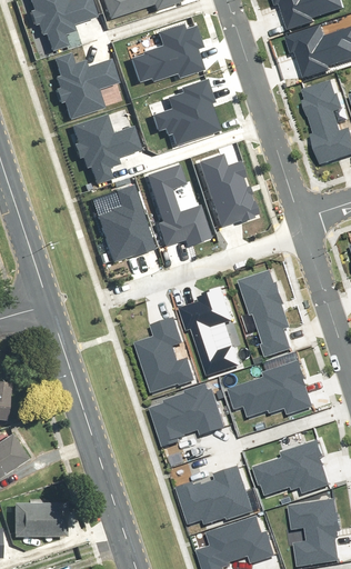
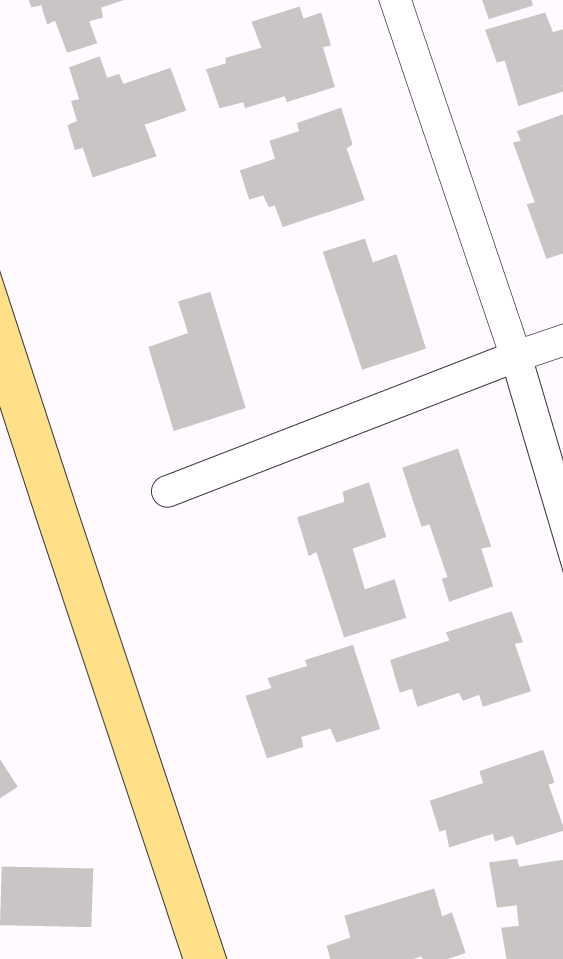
building: [68,112,141,182] -> none
building: [142,161,205,243] -> none
building: [138,317,195,391] -> none
building: [179,463,255,525] -> none

